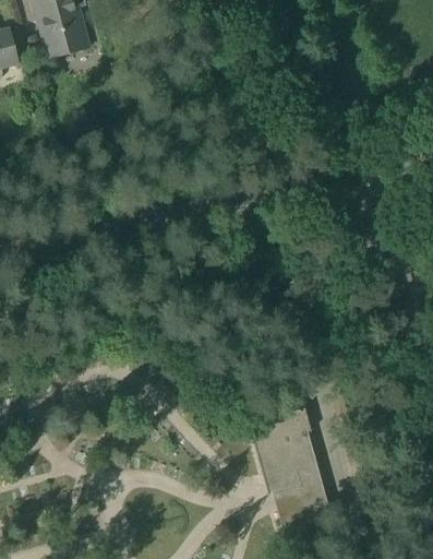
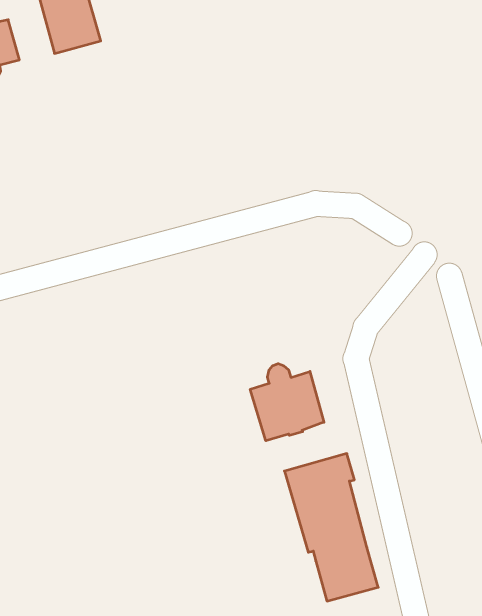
building: none -> [250,364,324,441]

